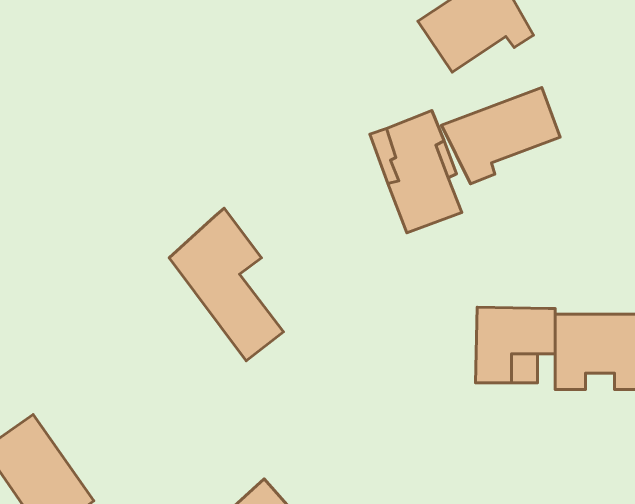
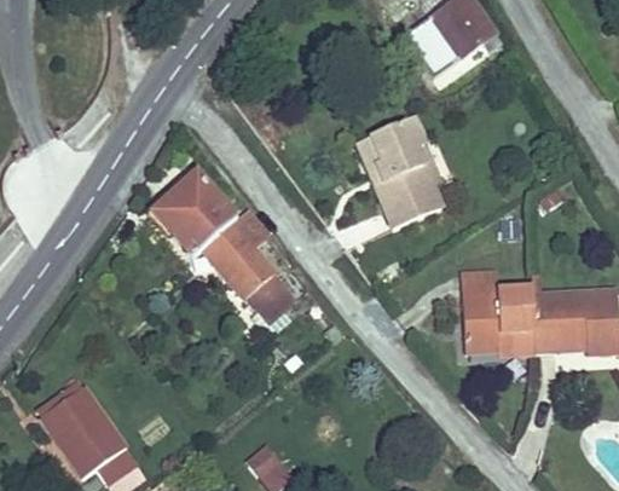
building: [442,87,560,184] -> none
building: none -> [143,167,230,250]

